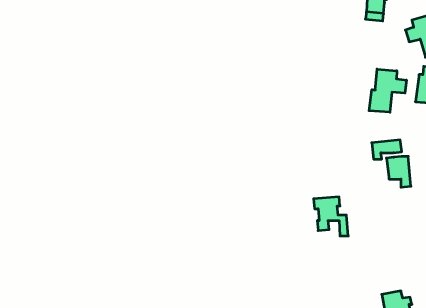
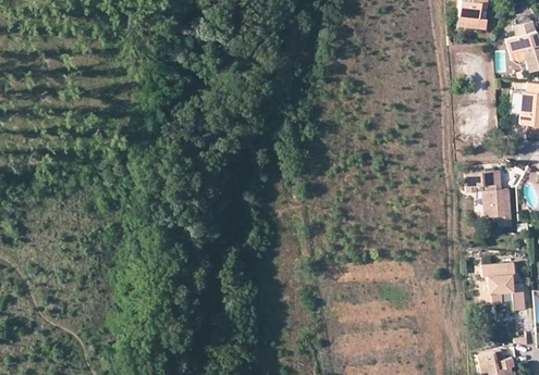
building: [369,69,406,112] -> none
building: [314,197,348,236] -> [482,263,524,310]

